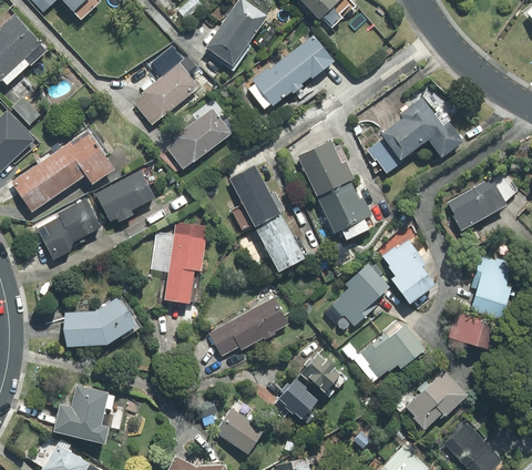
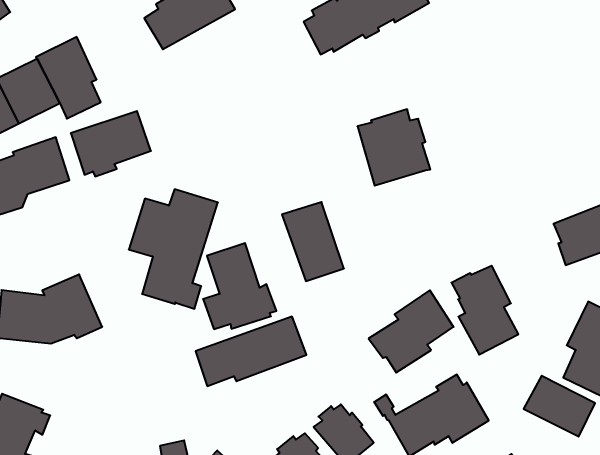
building: [165,98,235,168] -> none
building: [366,98,462,173] -> none
building: [228,165,284,229] -> [203,243,276,329]
building: [316,180,374,238] -> none

